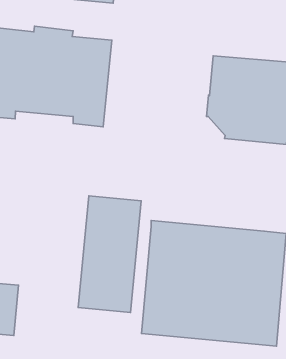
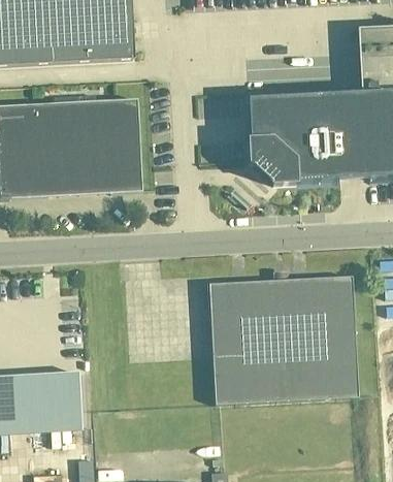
building: [78,196,141,312] -> none

